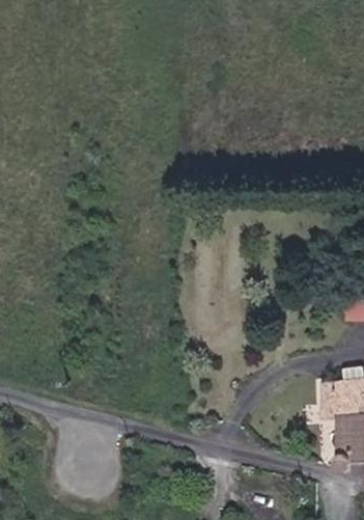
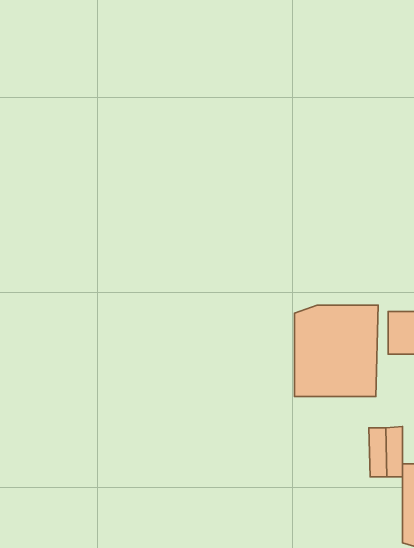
building: none -> [295,305,378,396]

